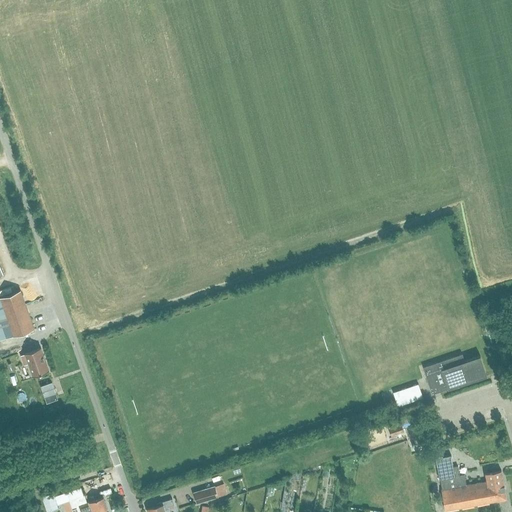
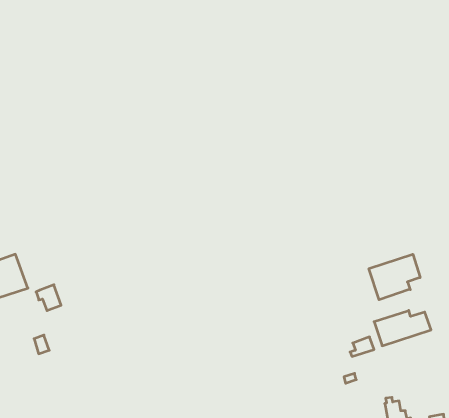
building: none -> [369,254,420,300]
building: [21,349,49,378] -> [36,285,61,311]

